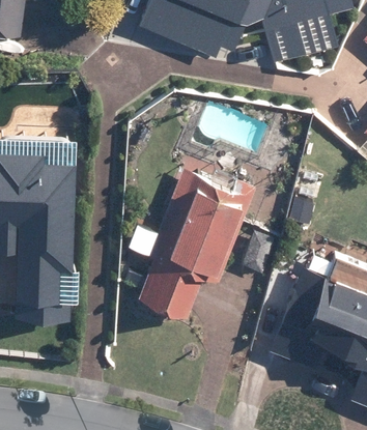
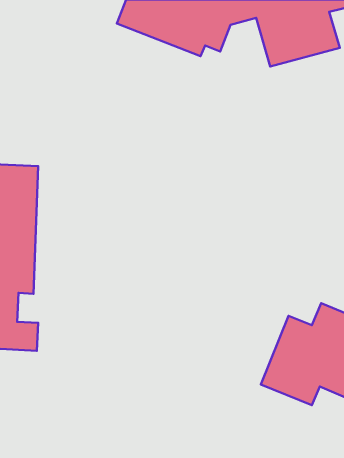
building: [140,165,255,315] -> none

